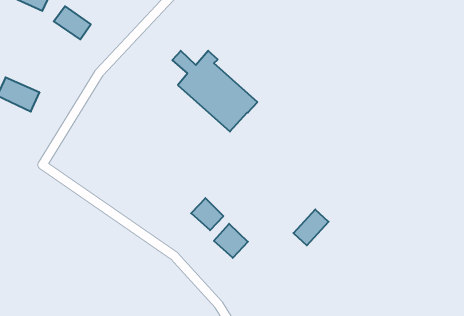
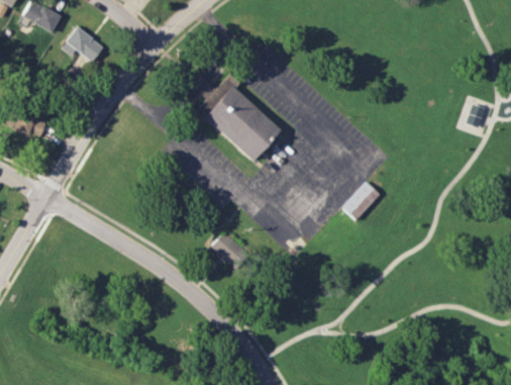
building: [293,209,329,245] -> [342,182,380,220]
building: [214,224,248,258] -> none

